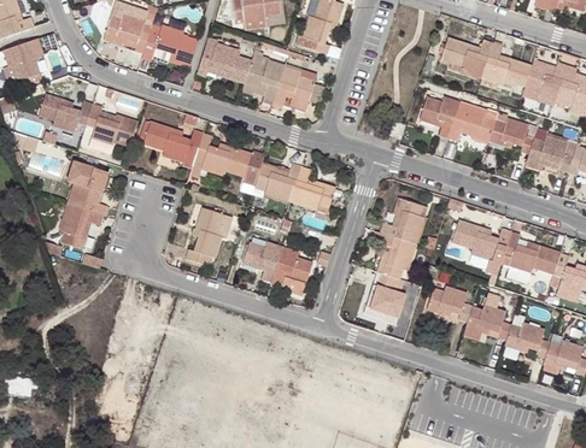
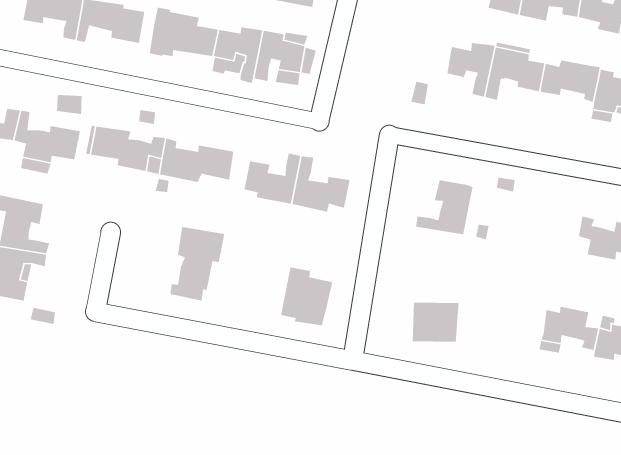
building: [450,219,509,260] -> none
building: [376,228,417,276] -> none
building: [242,241,282,283] -> none
building: [426,284,473,322] -> none

